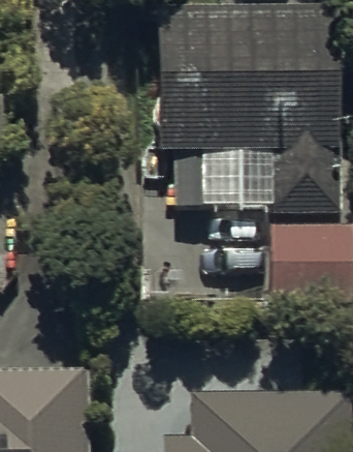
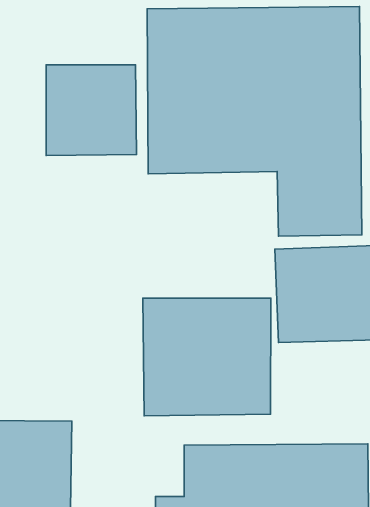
building: none -> [46,65,136,156]
building: none -> [143,298,271,416]

